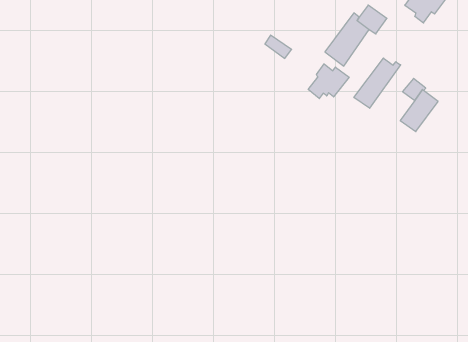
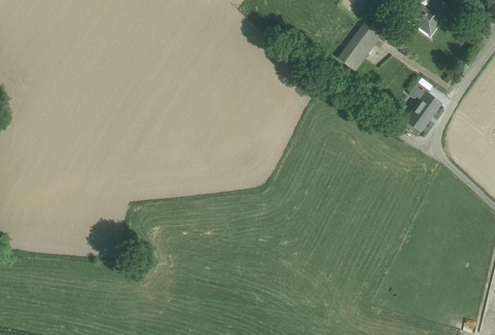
building: [354,58,401,108] -> none
building: [308,64,349,99] -> none

